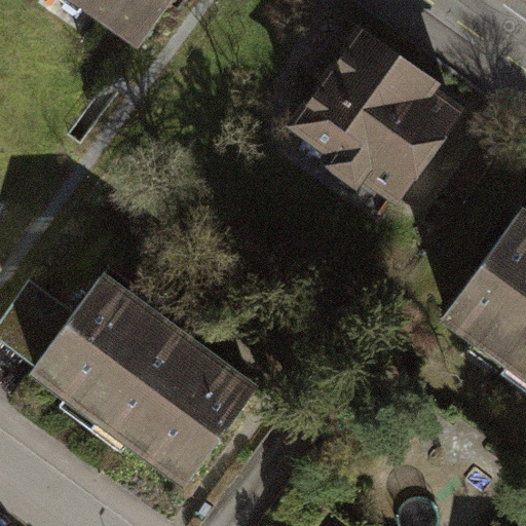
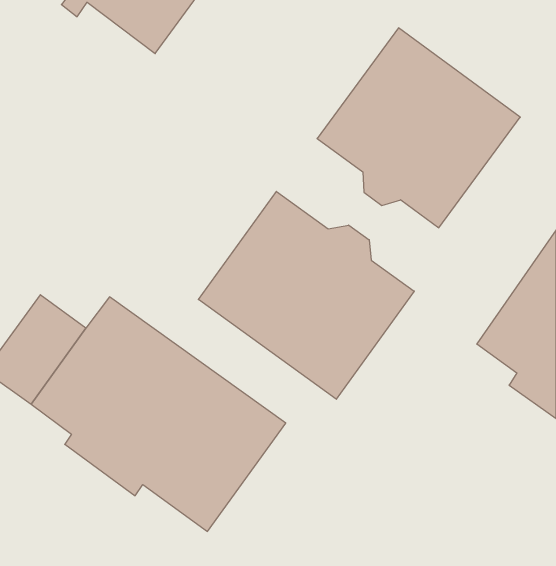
building: none -> [198,191,414,399]

